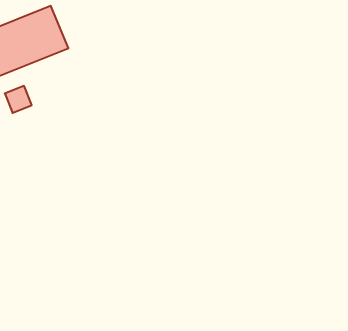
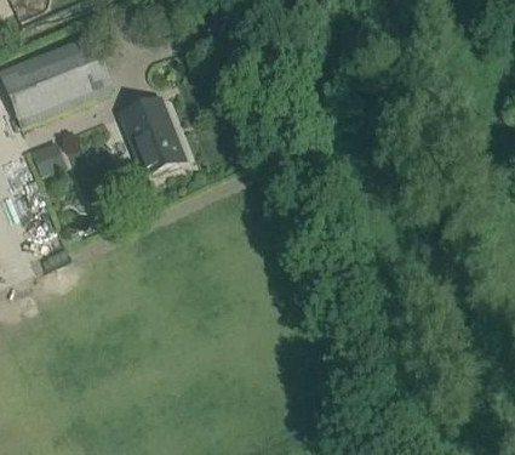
building: none -> [120,97,184,175]

